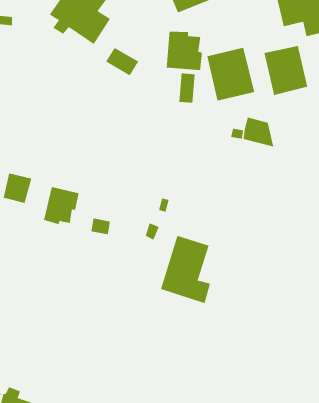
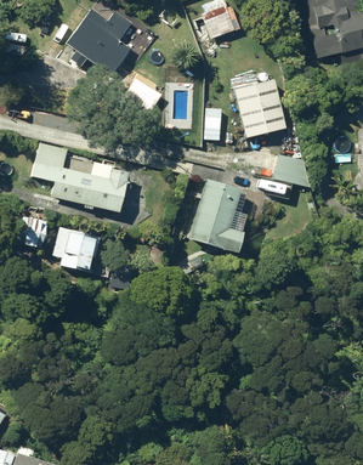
building: [166,31,203,71] -> none
building: [264,45,308,96] -> none
building: none -> [30,142,129,212]
building: [160,235,211,304] -> [187,180,242,254]

